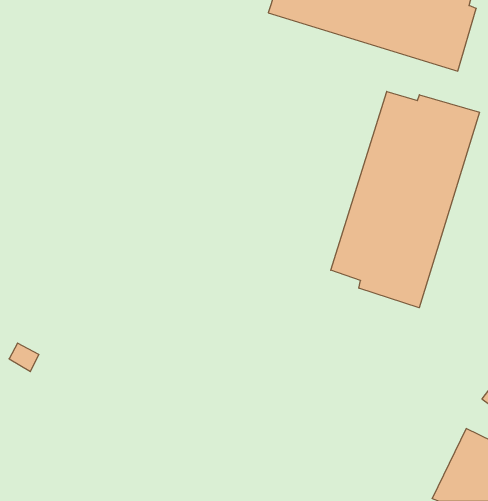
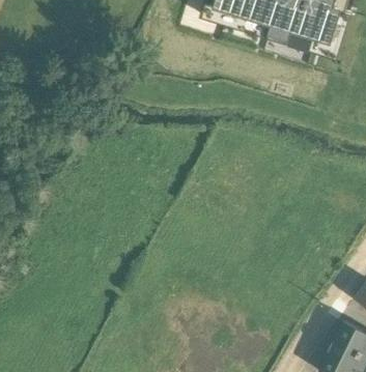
building: [331,91,480,308] -> none

